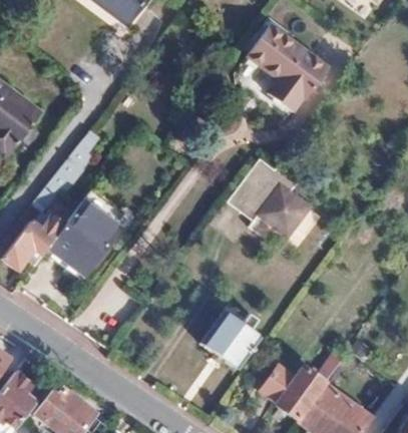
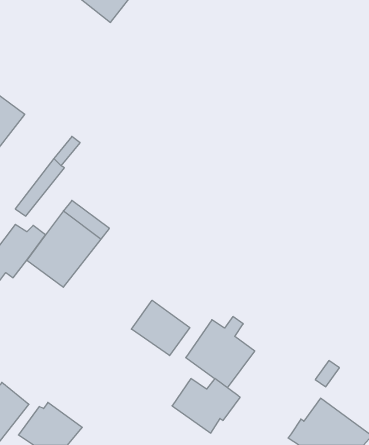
building: [245,31,326,117] -> none
building: [228,153,310,229] -> none
building: none -> [131,300,190,356]
building: [261,366,326,418] -> [172,379,240,433]

